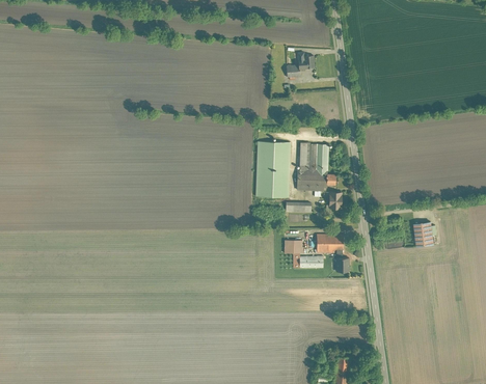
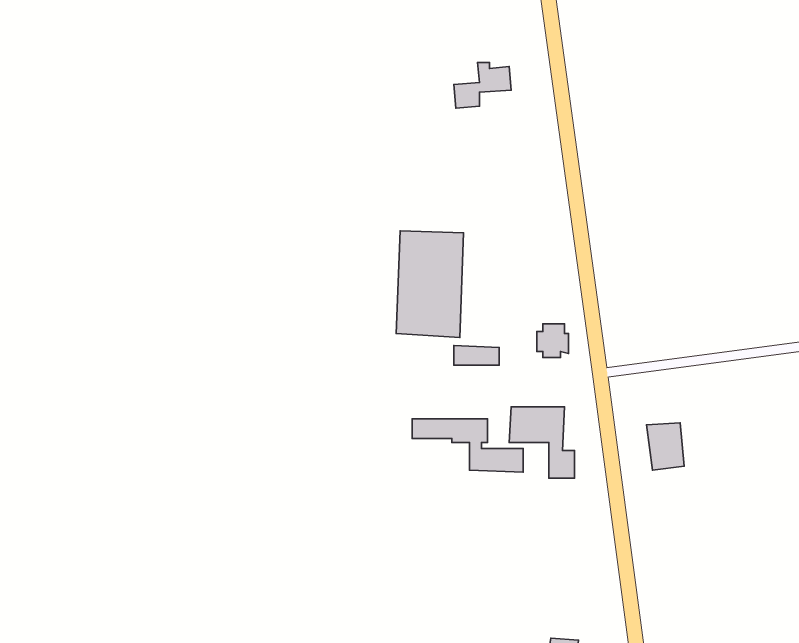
building: [298,143,338,191] -> none
building: [415,223,435,248] -> [646,423,684,470]

